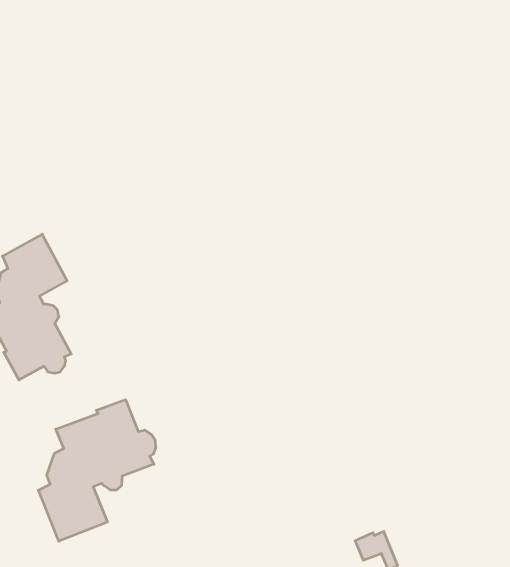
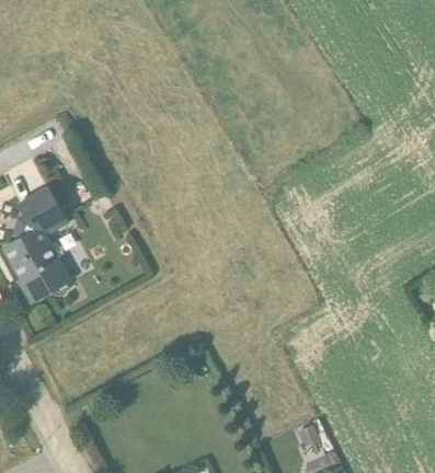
building: [38,400,155,541] -> none

